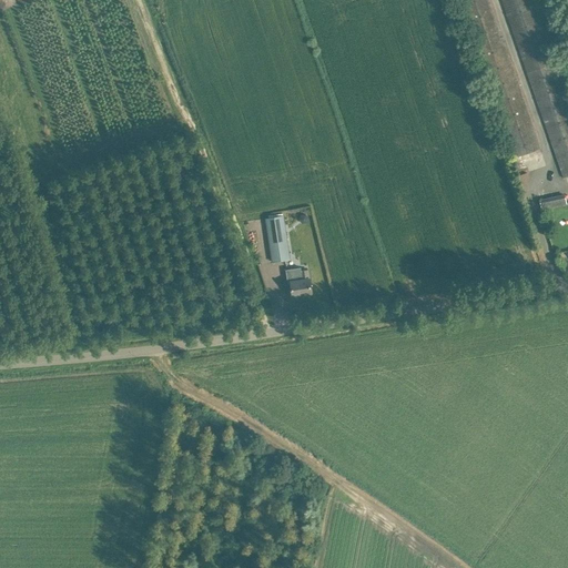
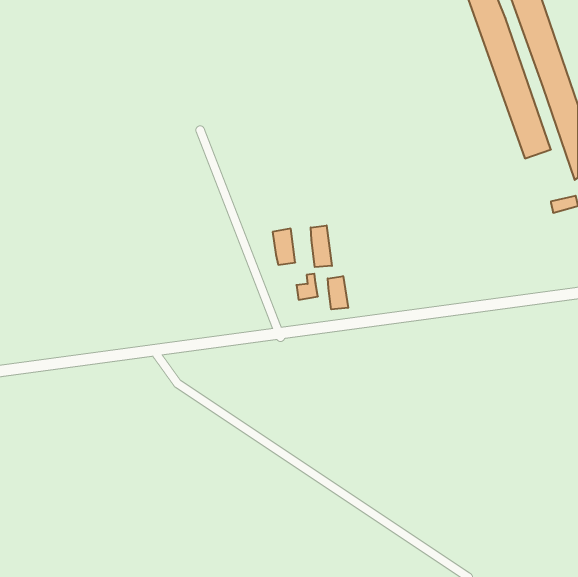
building: none -> [311,225,332,267]
building: none -> [328,276,348,309]

